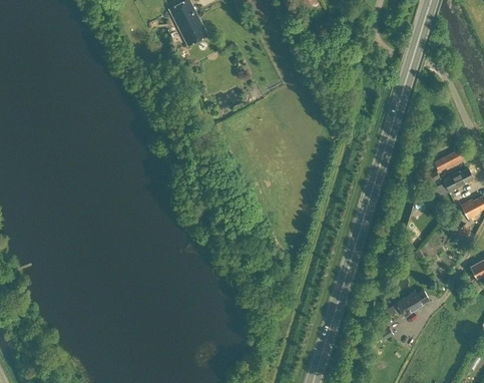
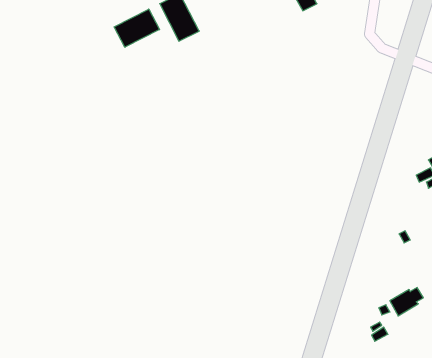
building: none -> [114,9,160,47]

